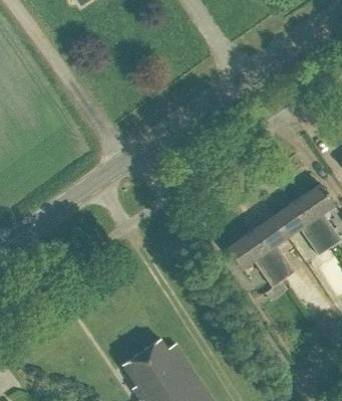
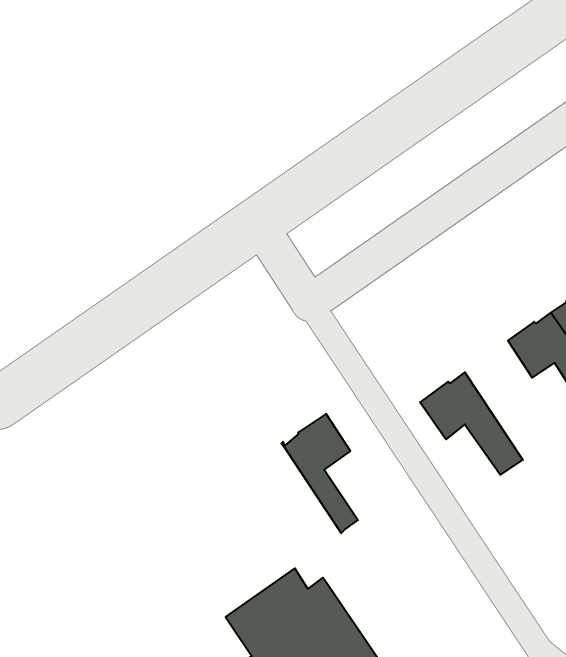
building: [251,215,292,279] -> [281,414,358,533]

